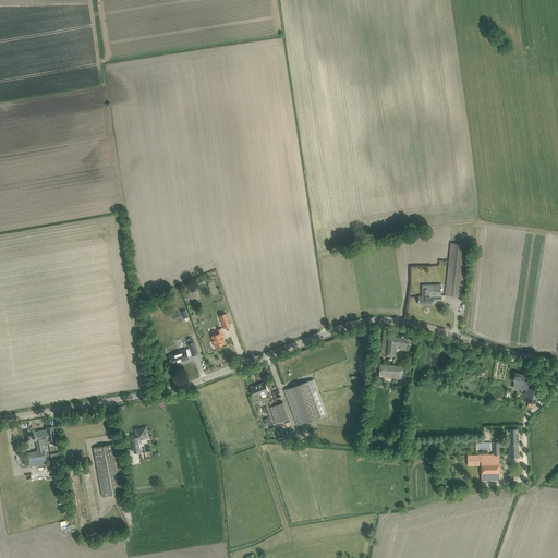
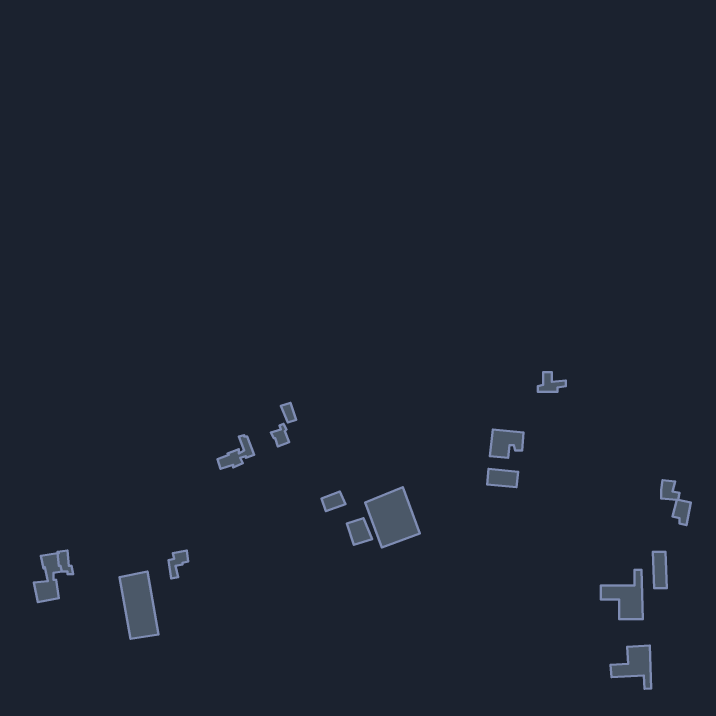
building: [445,243,466,298] -> none
building: none -> [611,646,651,689]

